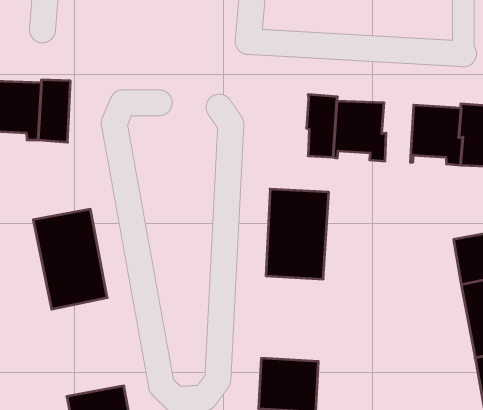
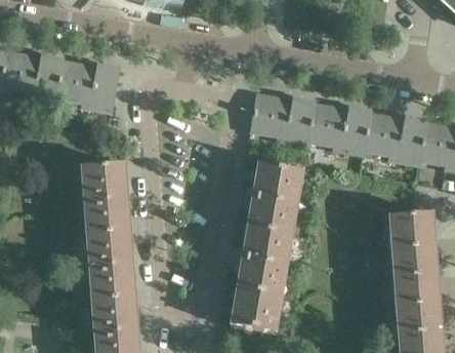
building: none -> [250,93,293,142]
building: none -> [344,107,371,155]
building: none -> [237,227,289,295]
building: none -> [86,230,133,300]

